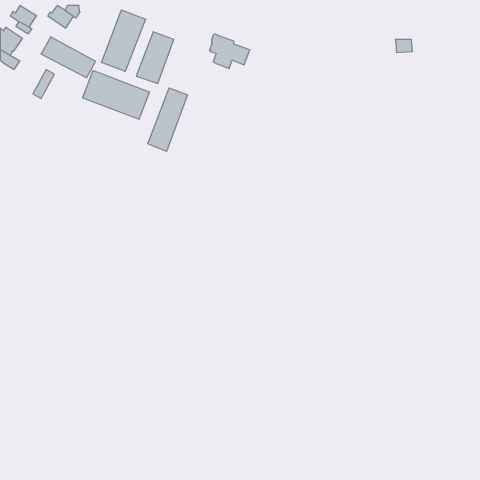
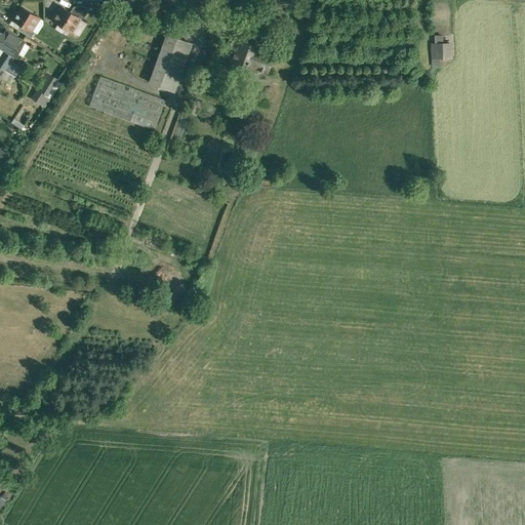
building: [101,10,145,72] -> none
building: [41,37,95,78] -> none
building: [148,88,187,151] -> none

